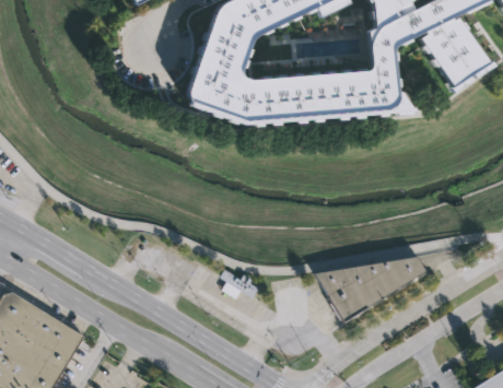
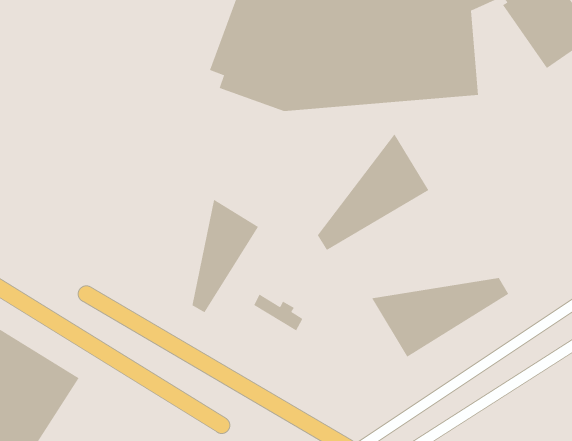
building: none -> [317,134,429,251]
building: none -> [192,199,259,313]

